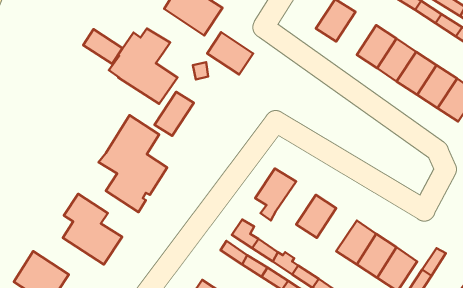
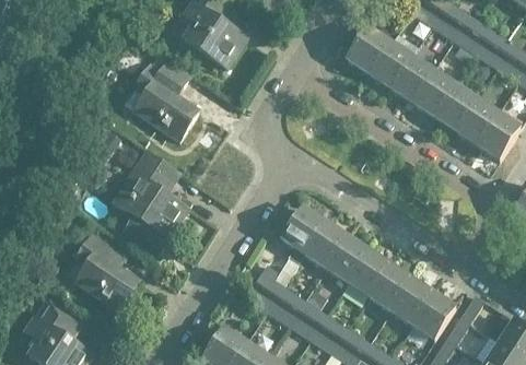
building: none -> [369,42,411,87]
building: [83,29,123,64] -> none
building: [207,32,253,75] -> none
building: [154,92,194,136] -> none
building: none -> [304,223,347,269]
building: none -> [348,251,390,297]

